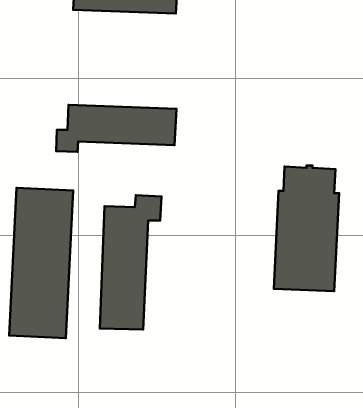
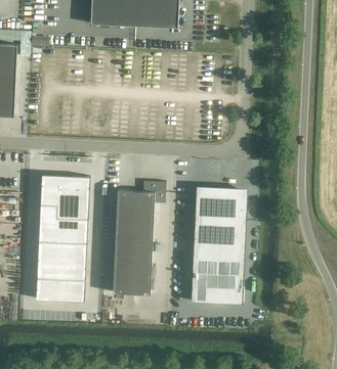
building: [56,105,176,152] -> none
building: [274,165,339,291] -> [191,197,246,304]

